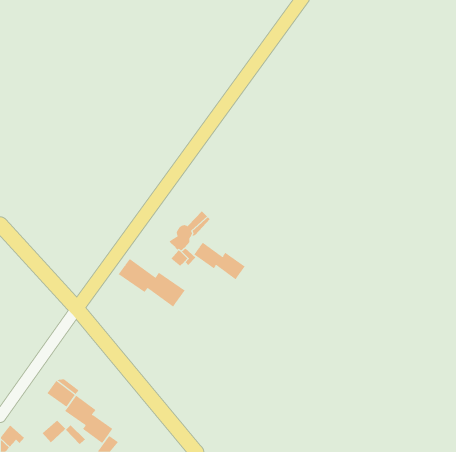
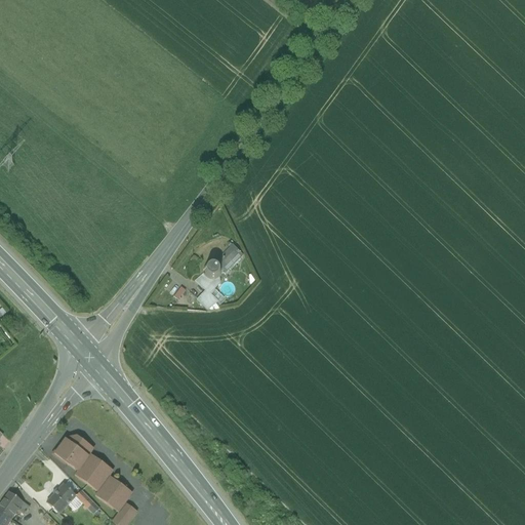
building: [193,242,246,280] -> none
building: [118,258,185,308] -> none

